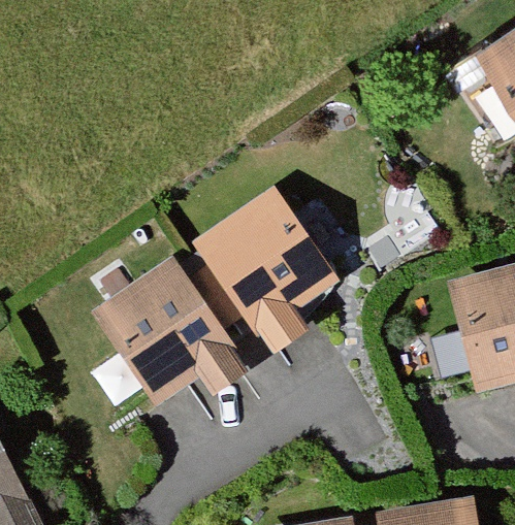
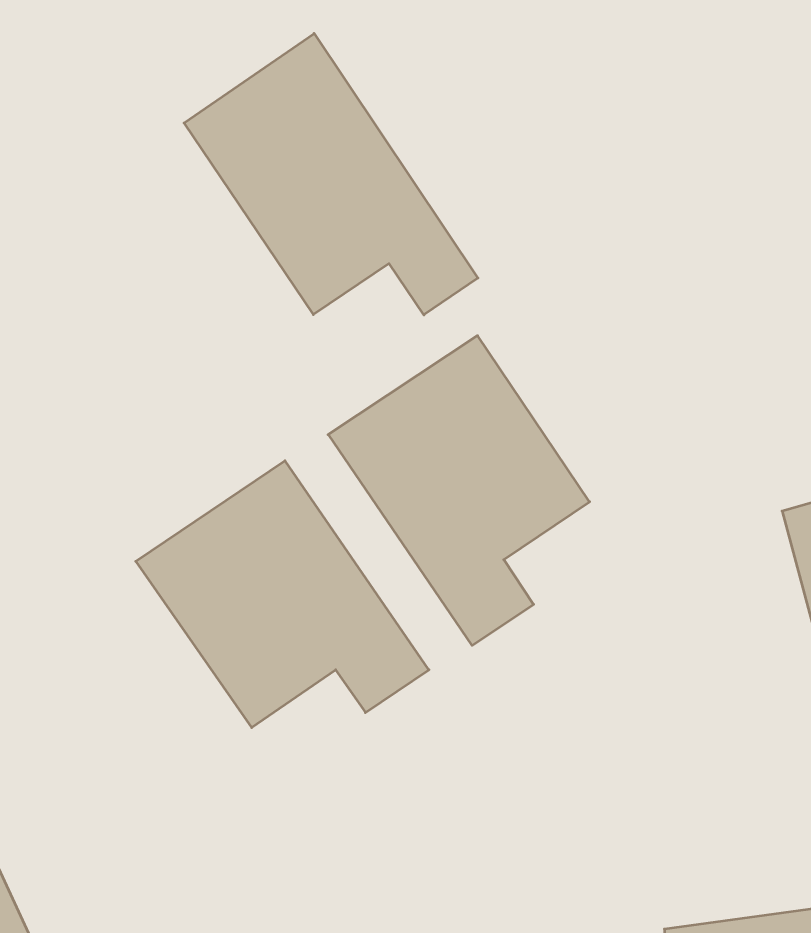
building: none -> [184,33,478,315]

